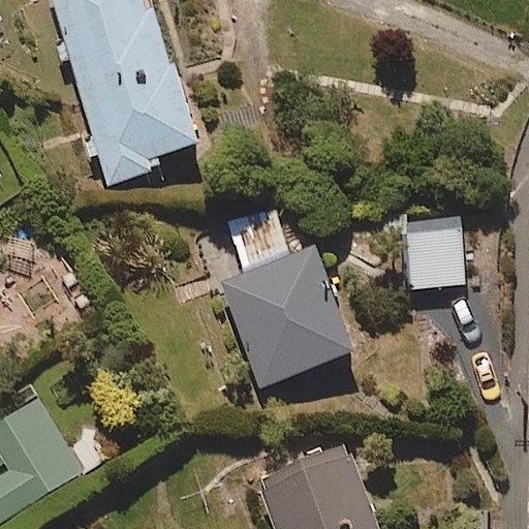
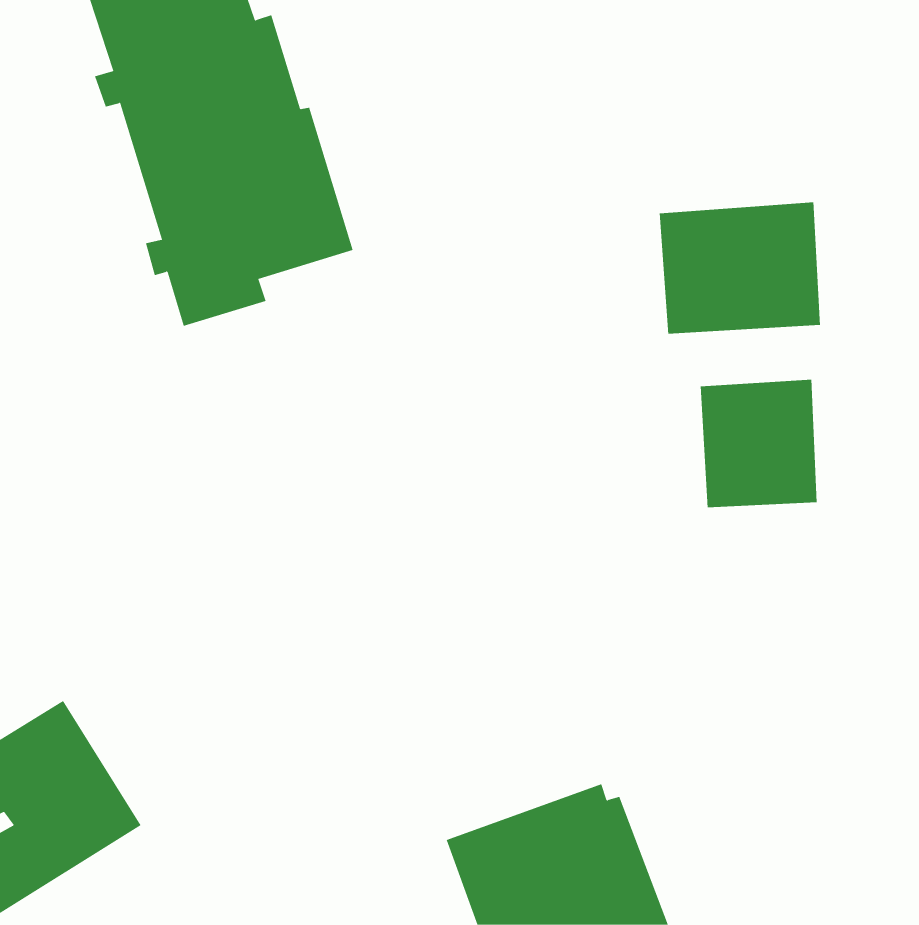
building: none -> [659,202,821,335]
building: [217,245,356,390] -> none

